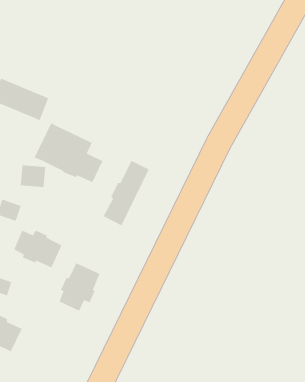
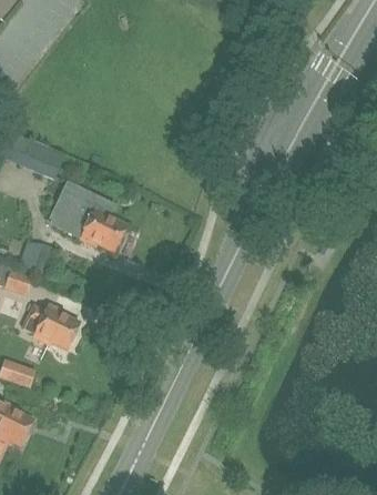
building: [103,160,150,226] -> none
building: [58,262,100,312] -> none

